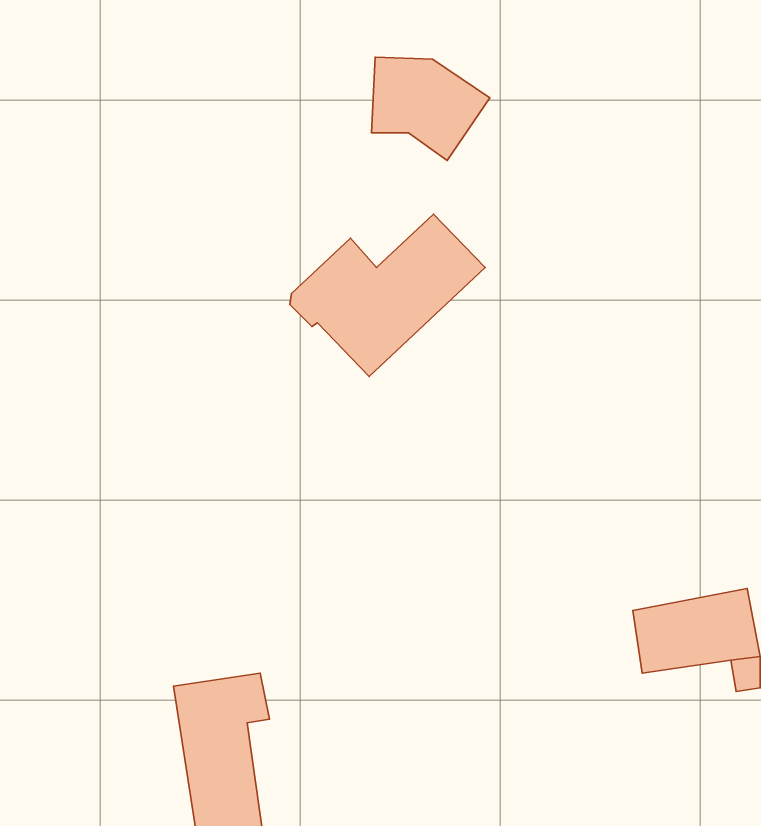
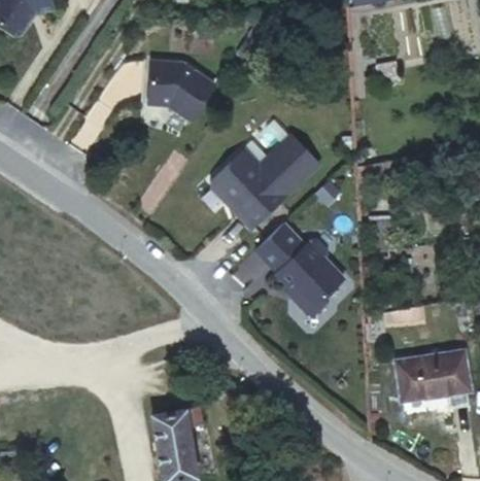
building: [372,57,490,160] -> [147,64,213,122]
building: none -> [258,227,346,316]

